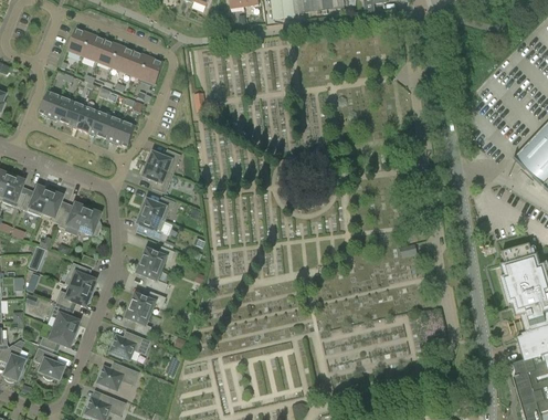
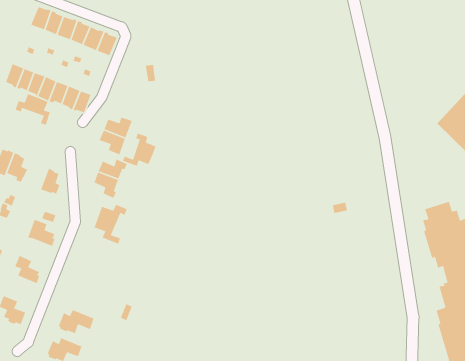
building: none -> [15,93,51,126]
building: none -> [122,133,157,167]
building: [57,202,87,234] -> none
building: [55,284,92,308] -> none
building: [126,291,166,334] -> none
building: [39,325,75,349] -> none
building: [110,330,150,358] -> none

